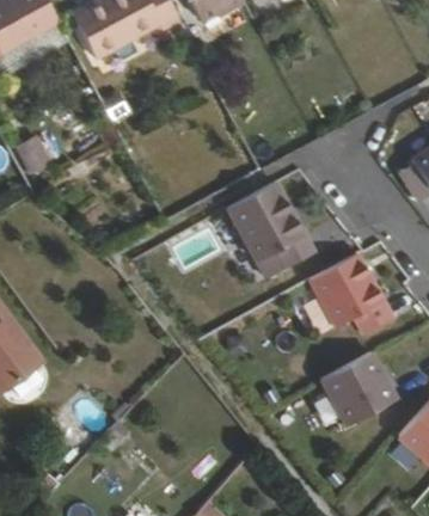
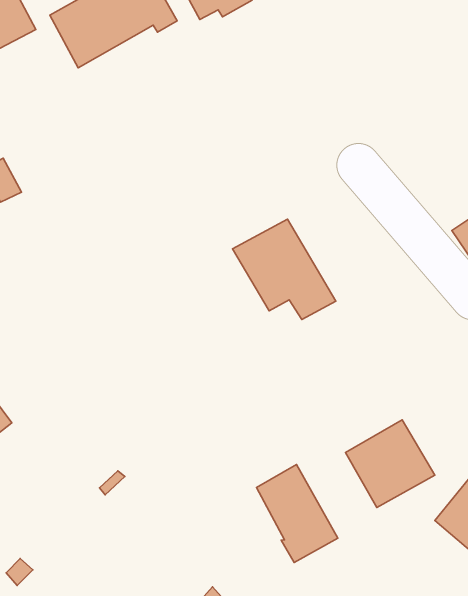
building: [308,258,392,339] -> none
building: none -> [257,465,338,562]

